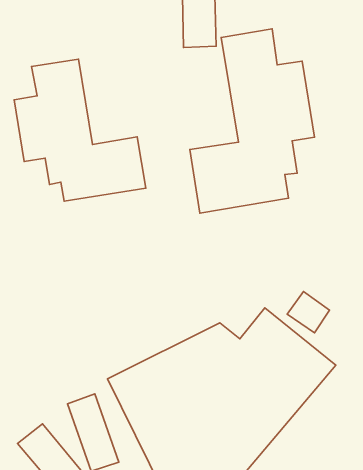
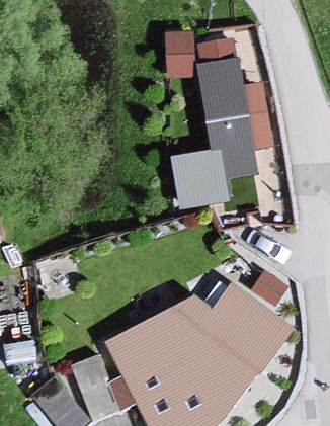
building: [14,59,146,201] -> none

